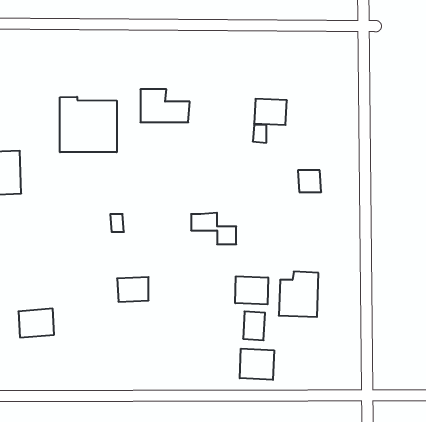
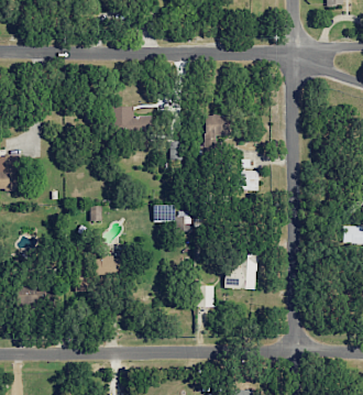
building: [60,97,117,152] -> none
building: [235,276,268,304] -> none
building: [240,349,274,380] -> none

